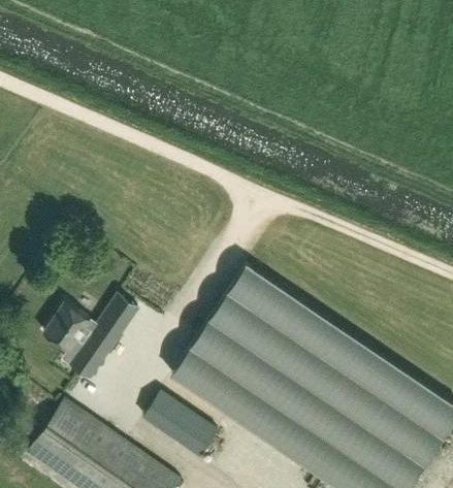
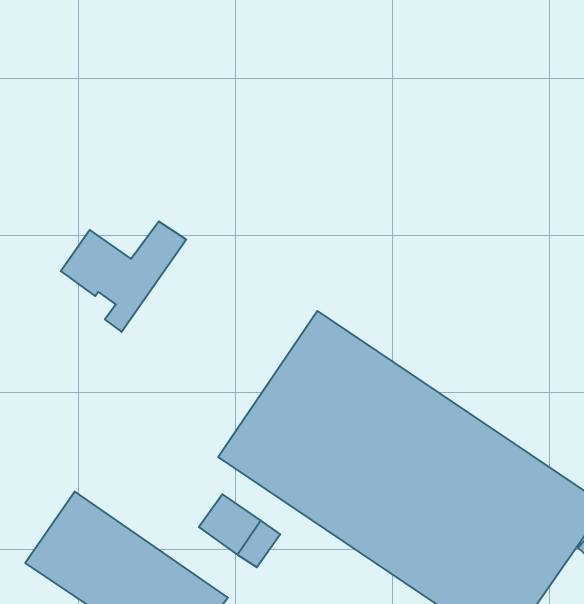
building: [44,297,138,380] -> [61,222,186,332]
building: [143,393,175,428] -> none

